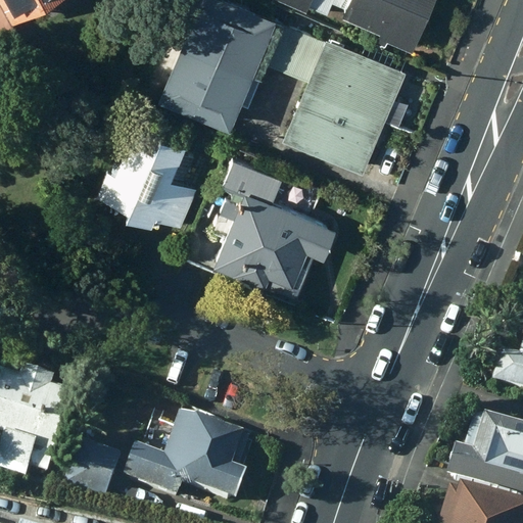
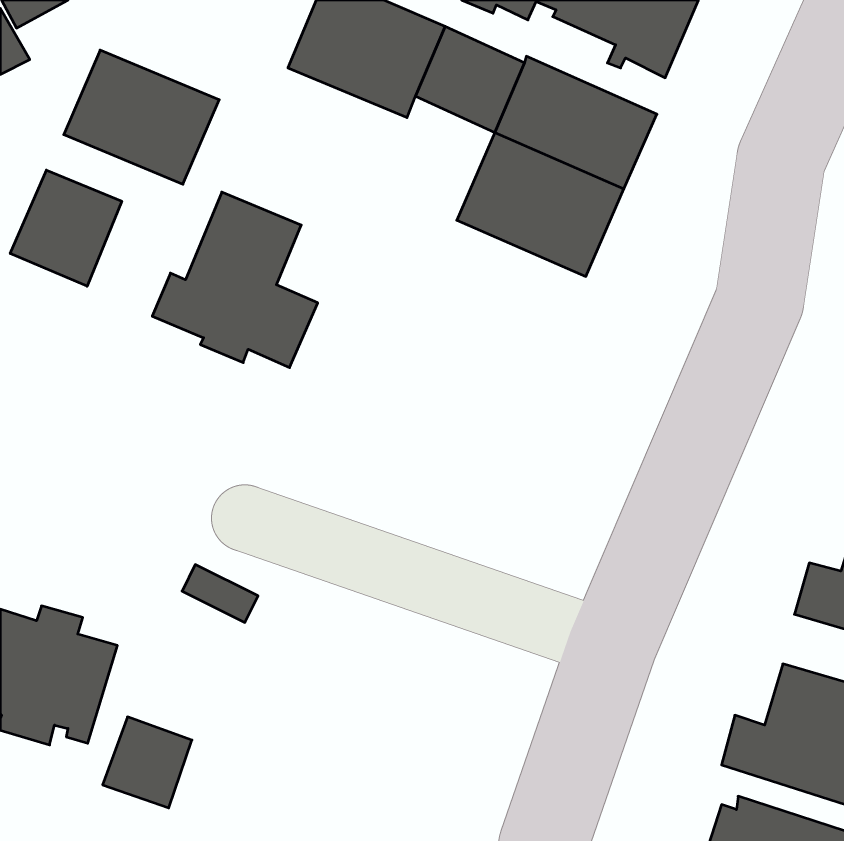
building: [156,45,252,128] -> [64,50,219,184]
building: none -> [10,170,122,286]
building: [213,157,335,296] -> none
building: [124,418,251,509] -> none

